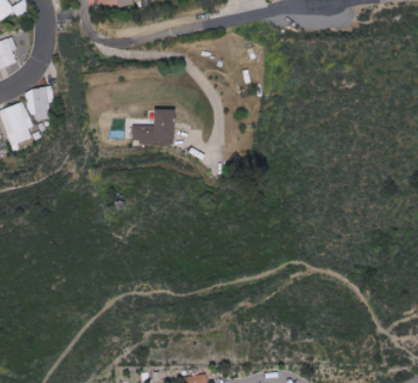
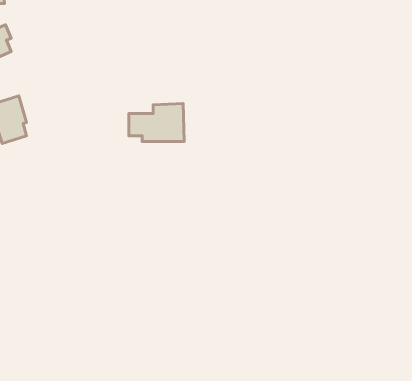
building: [26,87,52,121] -> none

